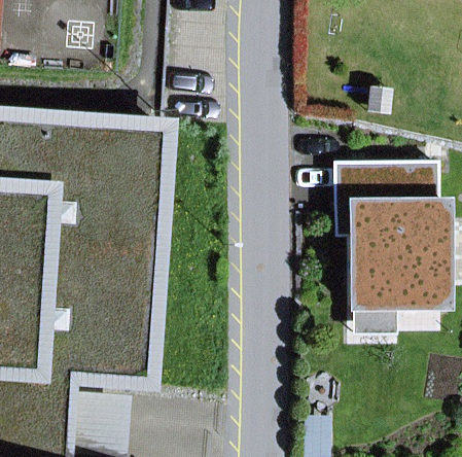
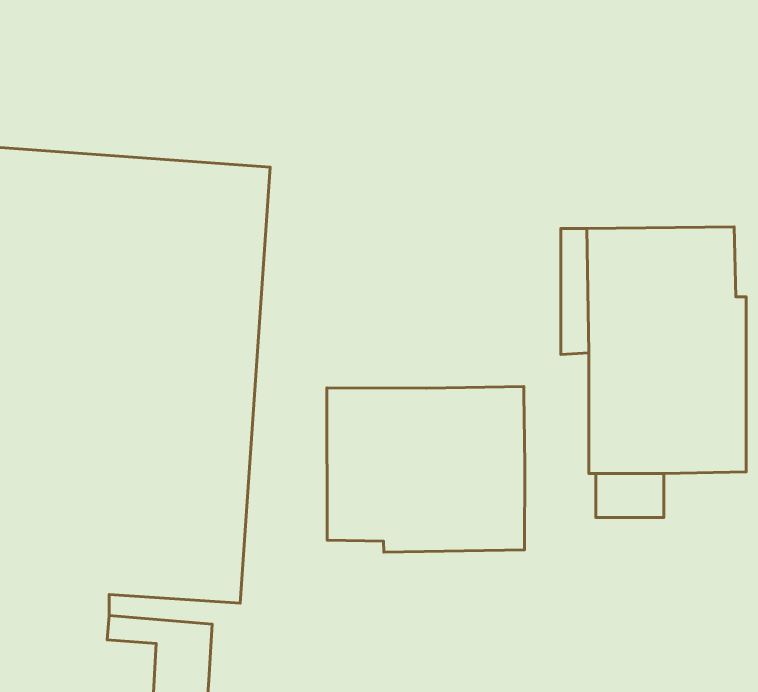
building: none -> [327,386,525,552]

